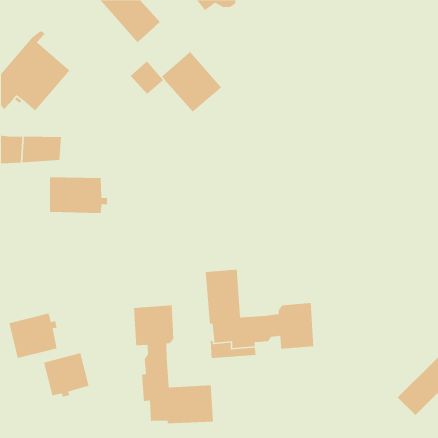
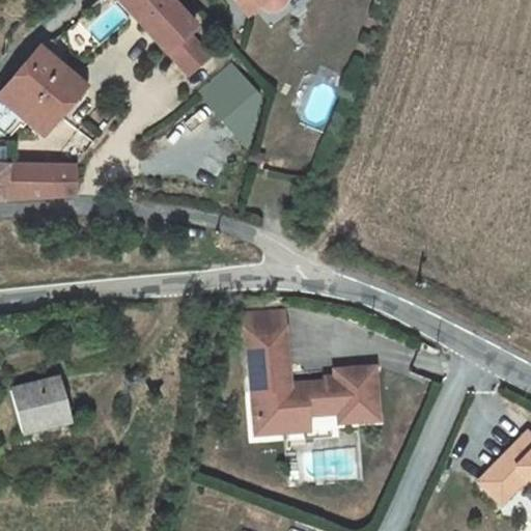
building: [130,60,164,95] -> [169,32,211,74]
building: [49,176,108,214] -> none
building: [133,304,214,424] -> none
building: [43,352,89,398] -> none

